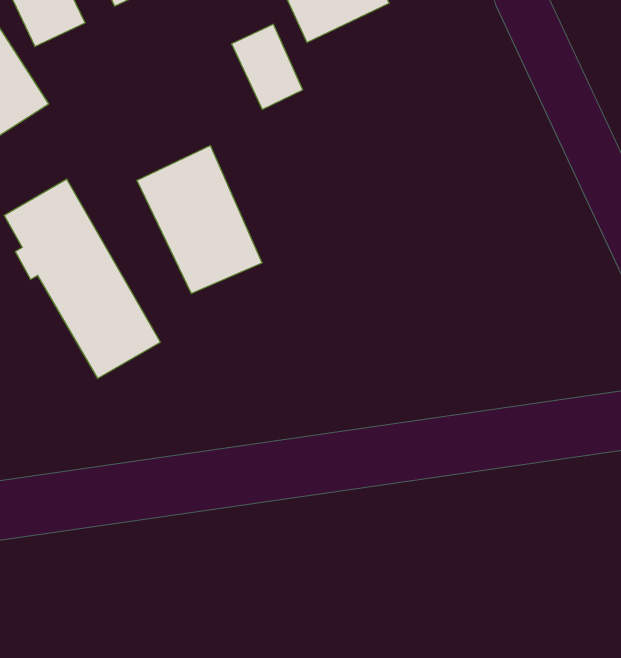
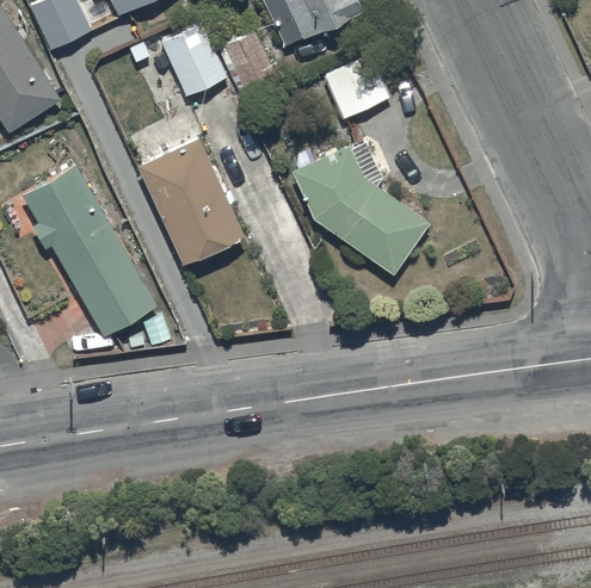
building: none -> [161,24,228,98]
building: none -> [324,56,389,119]
building: none -> [291,141,429,276]

